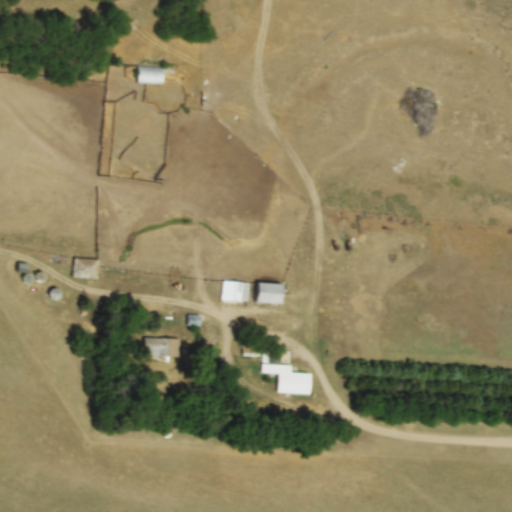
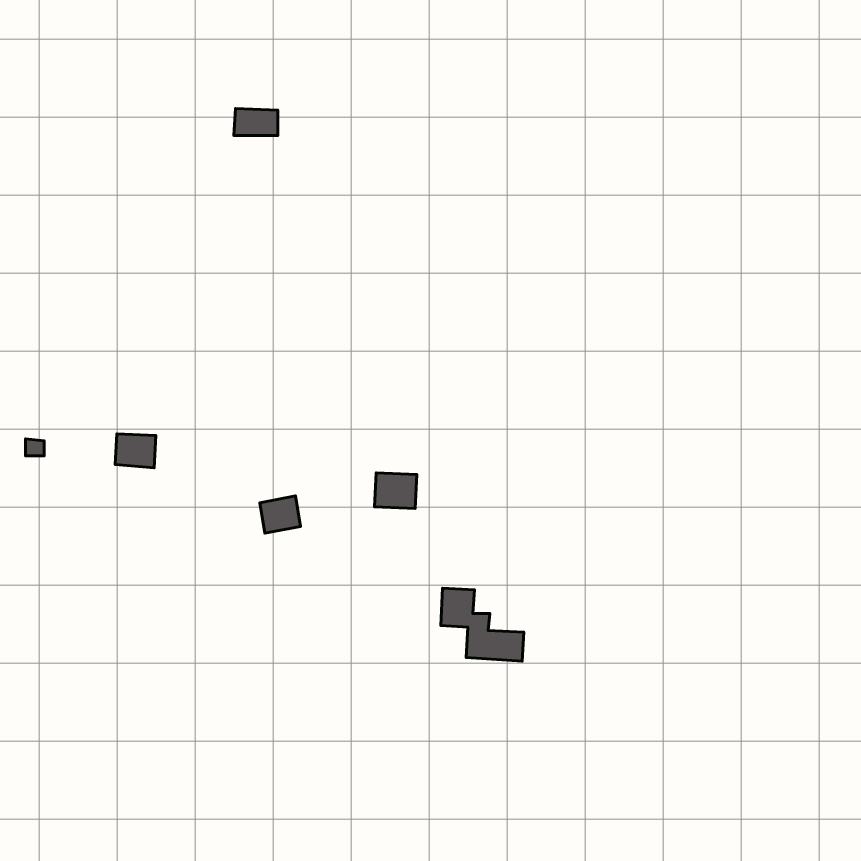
building: [255,283,281,304] -> none
building: [142,337,166,359] -> [260,496,300,533]

